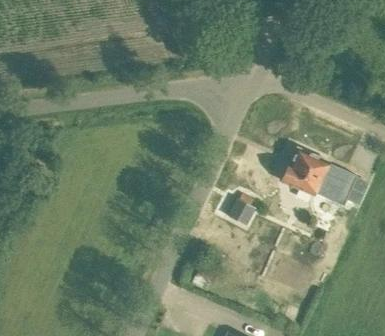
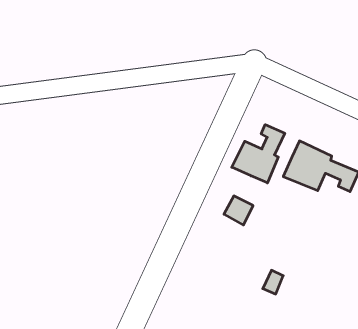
building: none -> [232,125,285,183]

